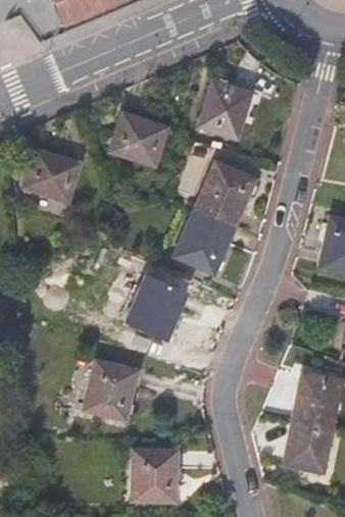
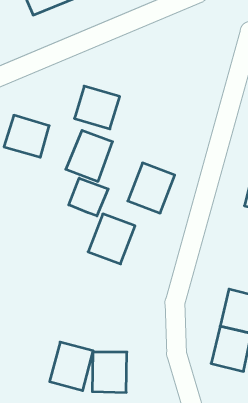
building: [199,83,250,139] -> none
building: [196,162,255,226] -> [66,130,113,181]
building: none -> [69,178,108,216]
building: [83,357,138,418] -> [50,342,93,391]

